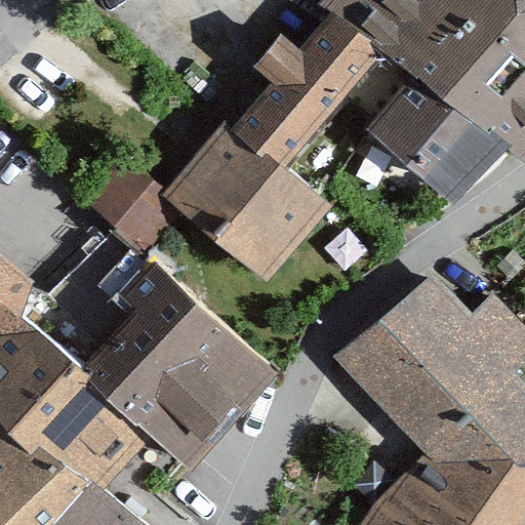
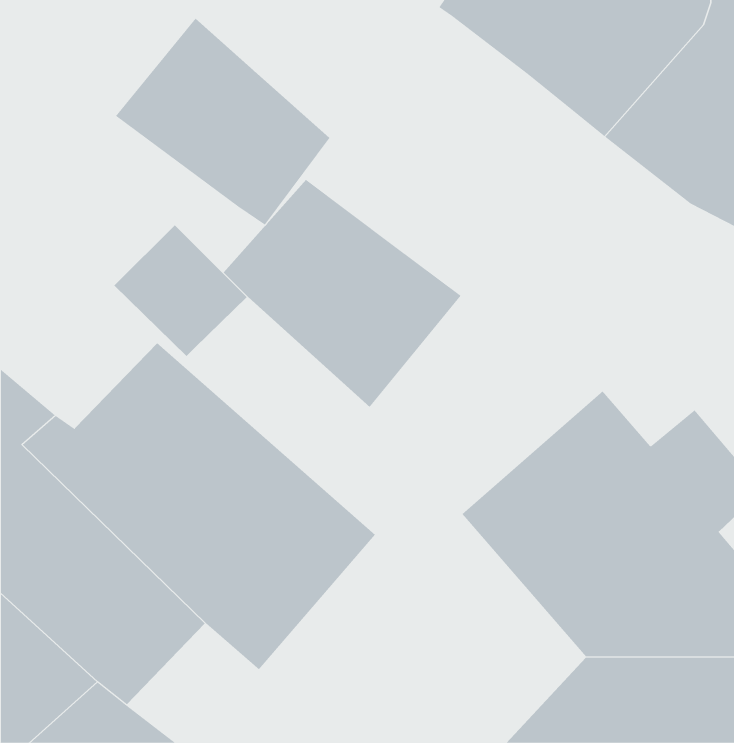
building: [223,11,378,172] -> none
building: none -> [115,18,330,225]
building: [373,78,493,191] -> none

